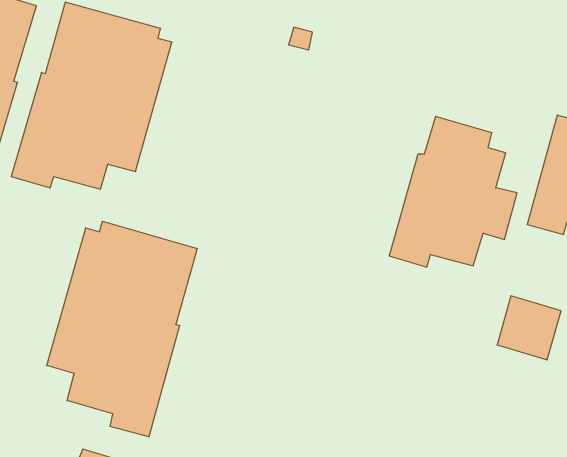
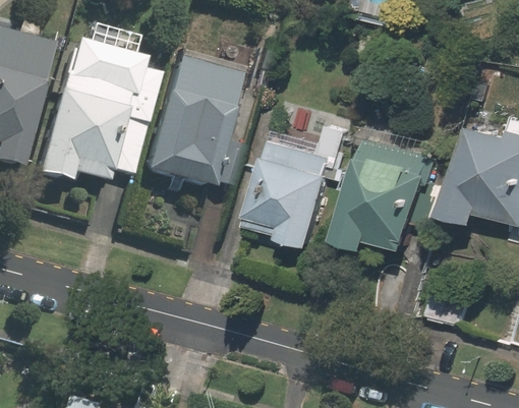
building: none -> [143,57,245,189]
building: none -> [249,124,351,245]
building: [47,221,197,437] -> none

